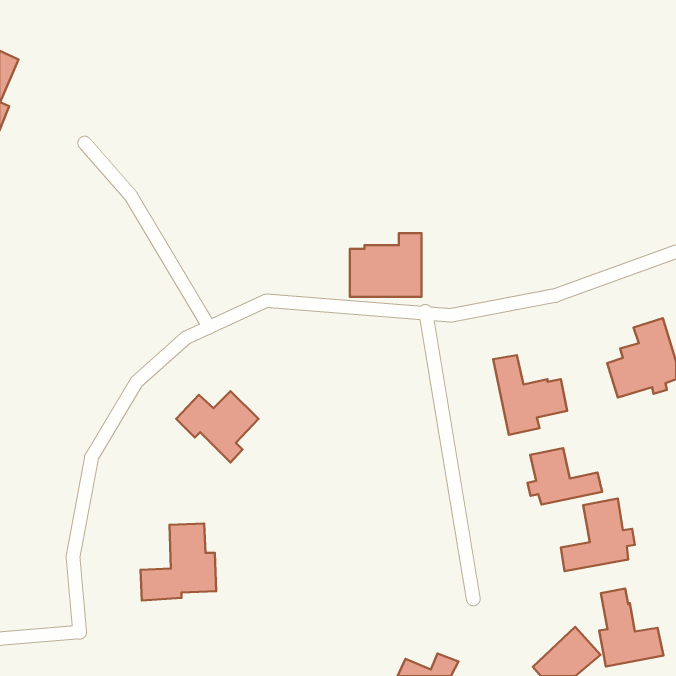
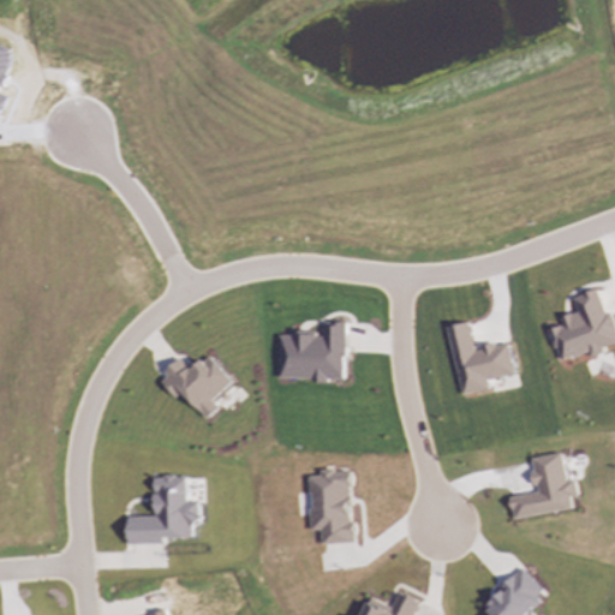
building: [350,233,421,297] -> [280,321,345,378]
building: [528,448,602,504] -> none
building: none -> [308,470,353,543]
building: [599,589,663,666] -> none

